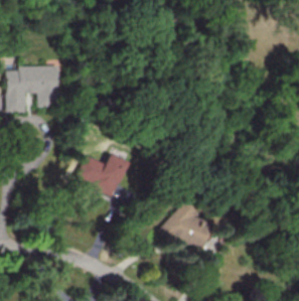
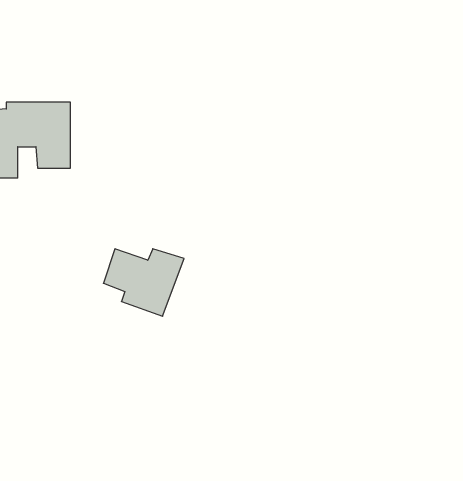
building: [165,199,212,248] -> none

